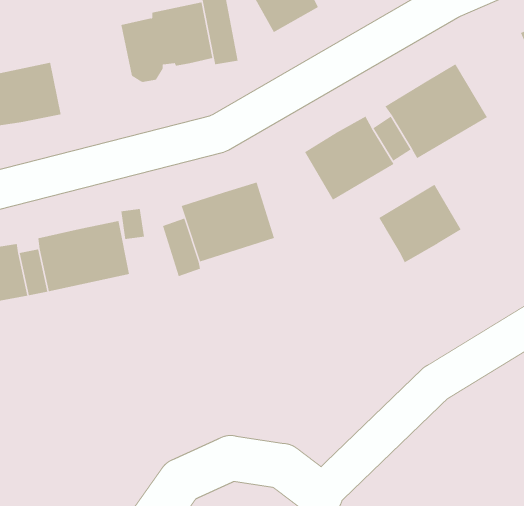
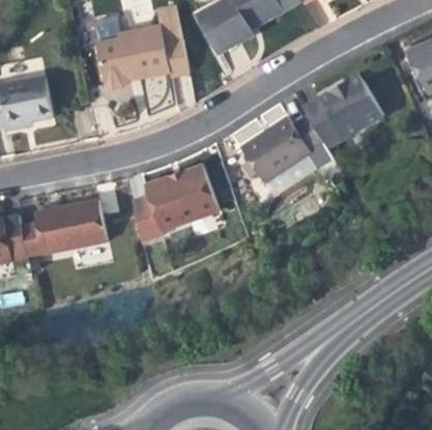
building: [378,184,461,263] -> none

